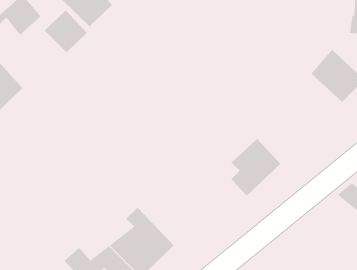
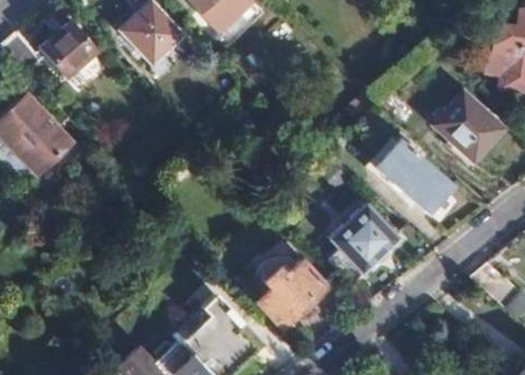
building: [44,9,87,53] -> none
building: none -> [379,141,450,211]
building: none -> [260,260,331,327]

